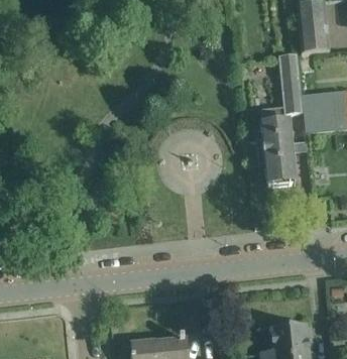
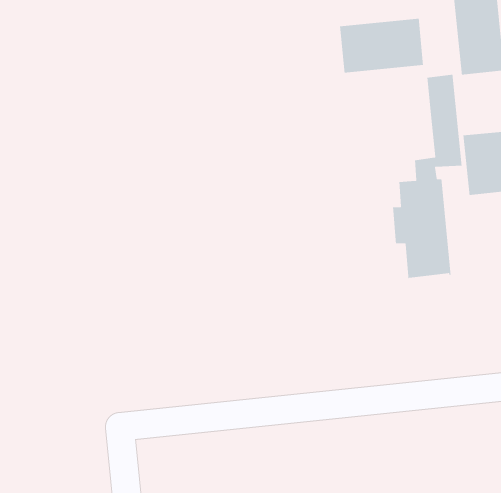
building: none -> [339,18,424,73]

